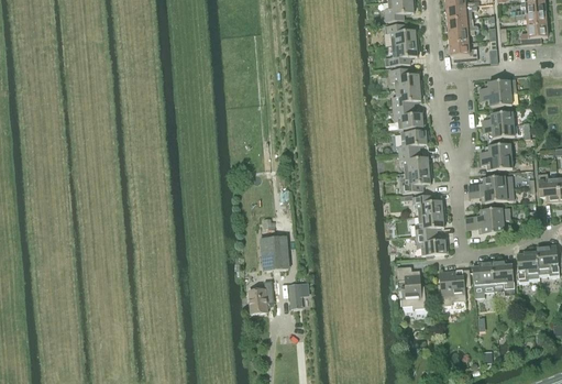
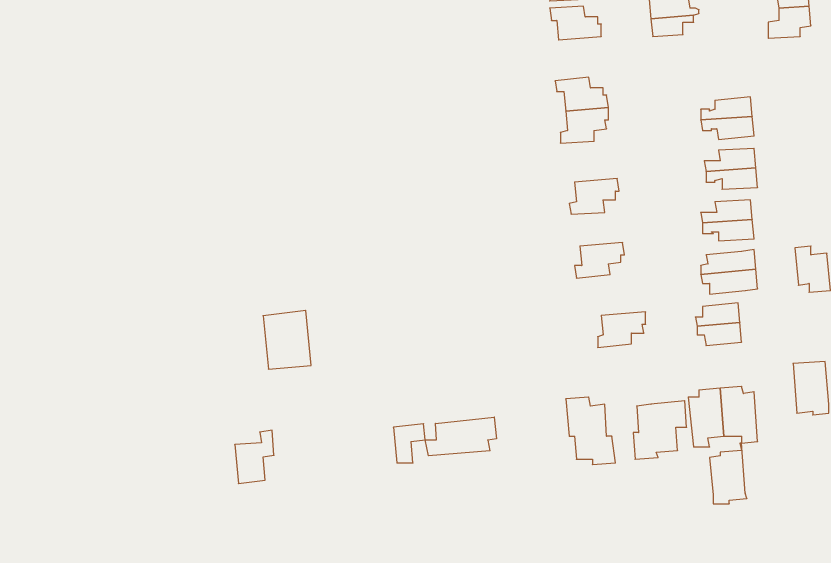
building: [450,41,477,61] -> none
building: [389,42,419,64] -> none
building: [393,107,426,128] -> none
building: [399,151,431,172] -> none
building: [412,194,445,215] -> none
building: [416,232,449,254] -> none
building: [260,233,289,270] -> [263,310,311,369]
building: [517,244,540,282] -> [710,443,747,504]
building: none -> [425,417,496,456]
building: [249,279,273,312] -> [235,430,274,484]

